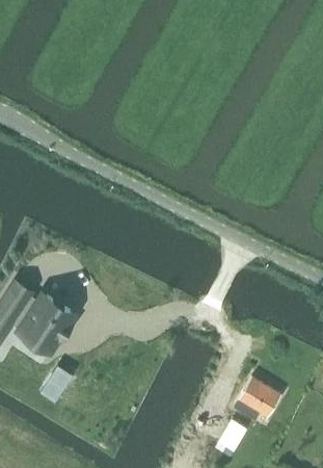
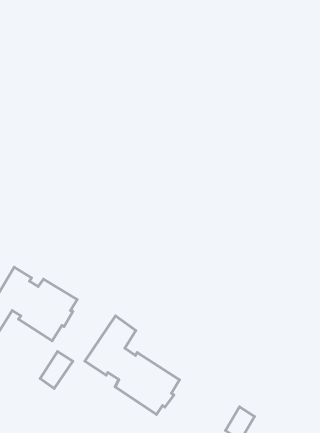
building: none -> [85,316,180,414]
building: [233,376,279,416] -> none

